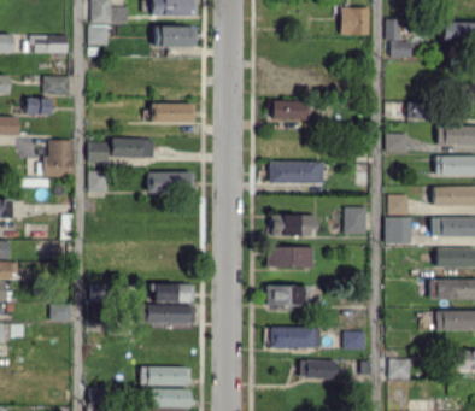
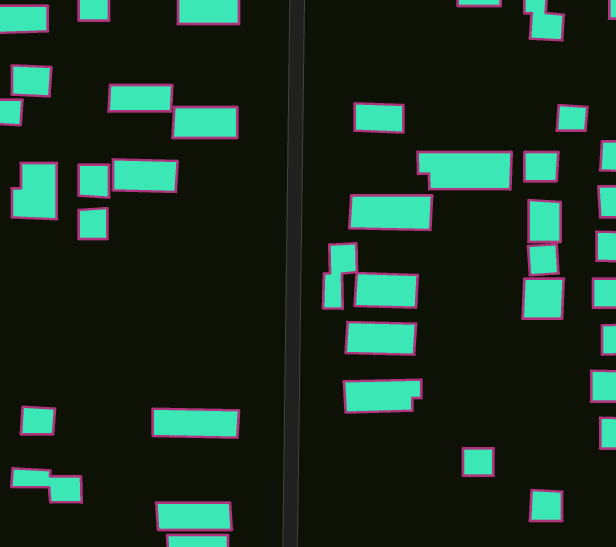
building: none -> [109,85,172,112]
building: none -> [418,152,511,190]
building: [147,171,194,194] -> none
building: none -> [323,243,357,309]
building: [345,206,366,234] -> [528,200,561,242]
building: [154,283,194,303] -> none
building: [268,325,315,347] -> none
building: none -> [12,468,82,503]
building: [300,359,338,378] -> none

